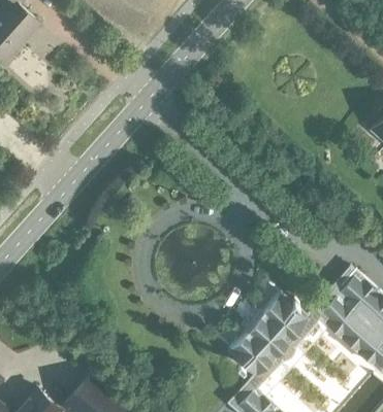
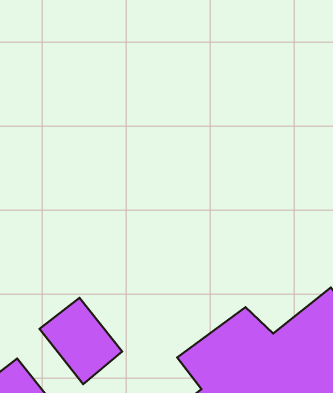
building: none -> [39,298,122,384]

